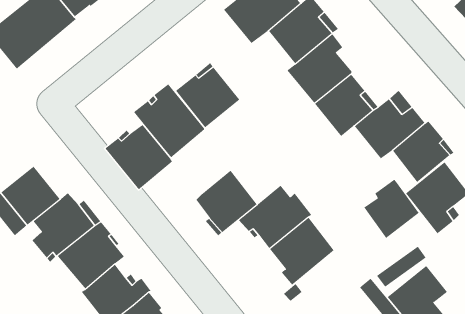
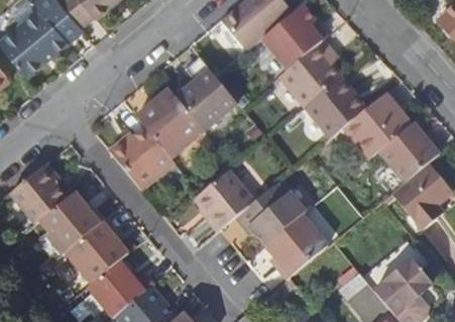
building: [363,179,419,239] -> none

